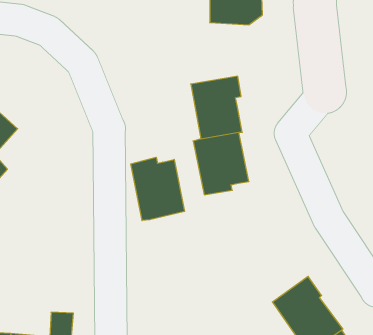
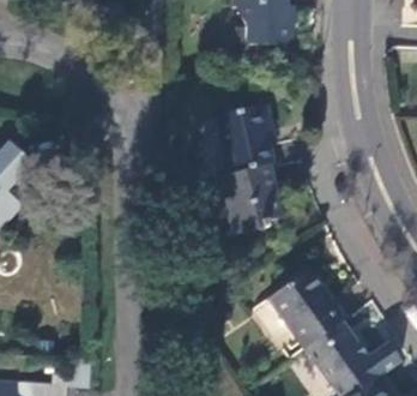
building: [131,157,185,221] -> none
building: none -> [270,271,346,348]

